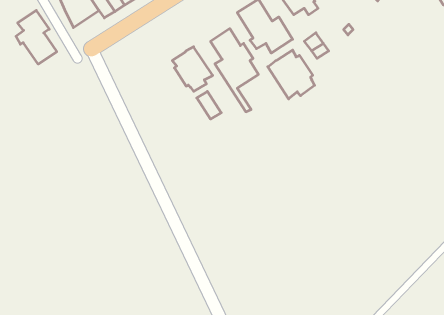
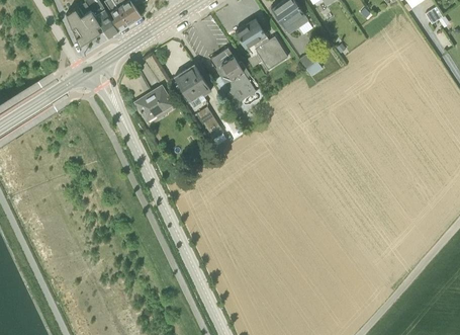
building: [16,10,57,64] -> none
building: [268,50,315,99] -> none
building: none -> [136,86,174,121]

